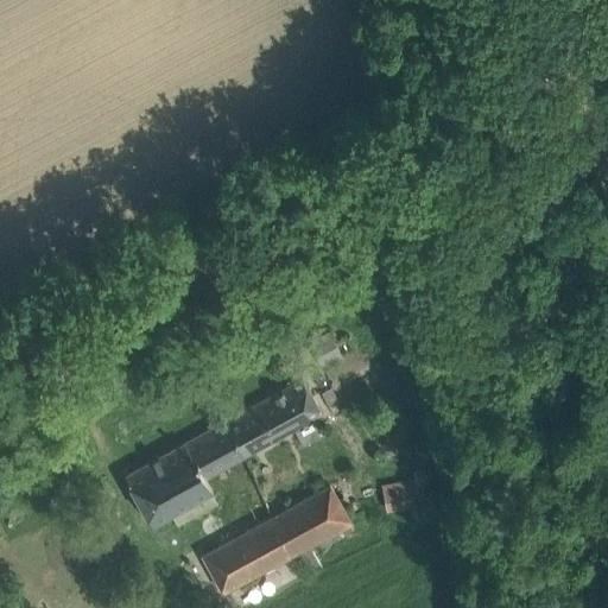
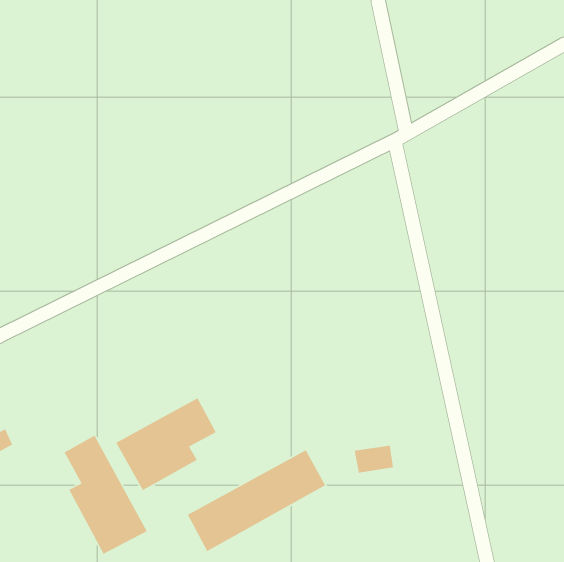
building: [213,381,322,468] -> none
building: none -> [63,434,148,555]

